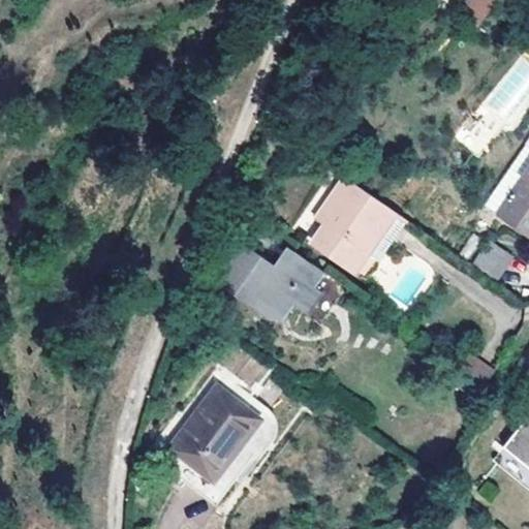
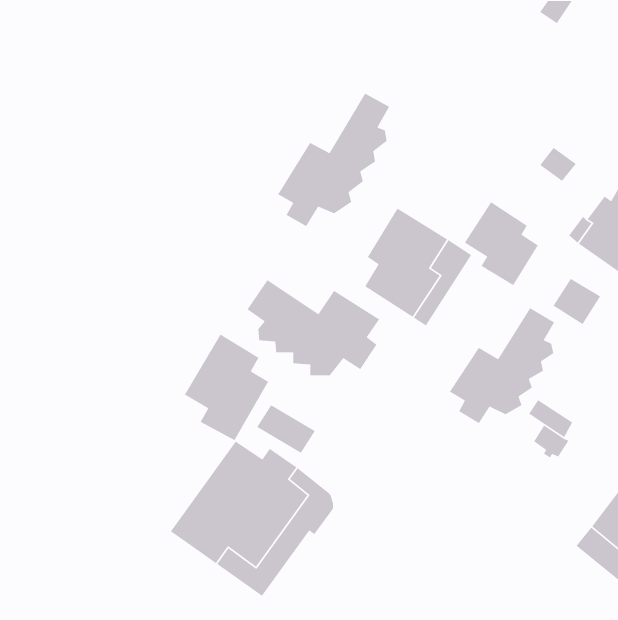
building: none -> [277,92,390,227]
building: none -> [464,201,539,286]
building: none -> [449,307,555,424]
building: none -> [184,334,269,441]

